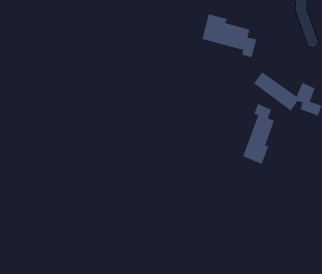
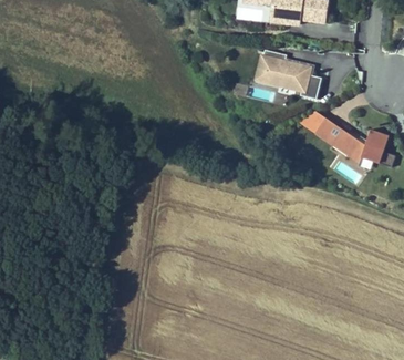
building: [243,103,274,165] -> none

